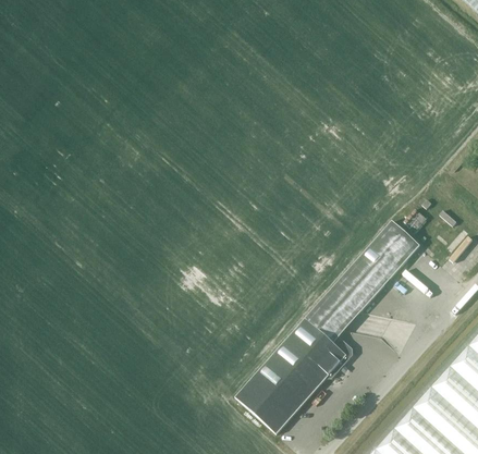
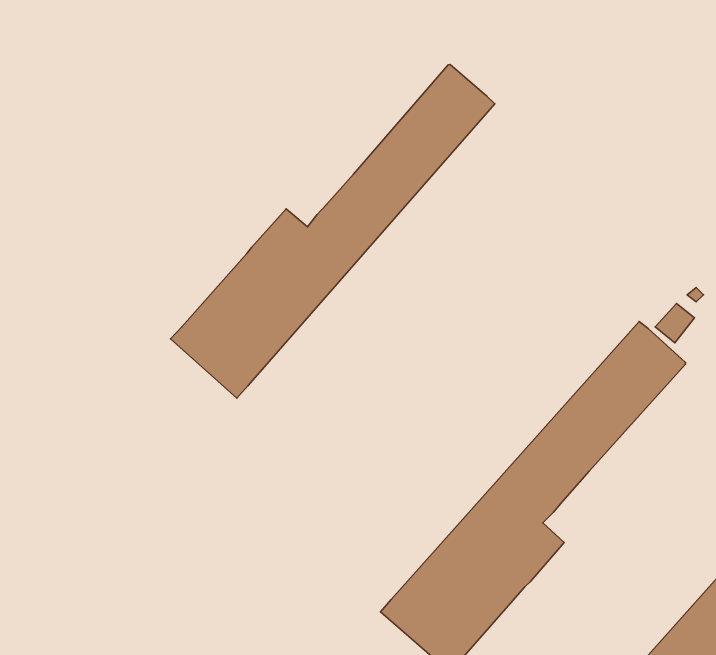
building: none -> [171,64,495,398]

